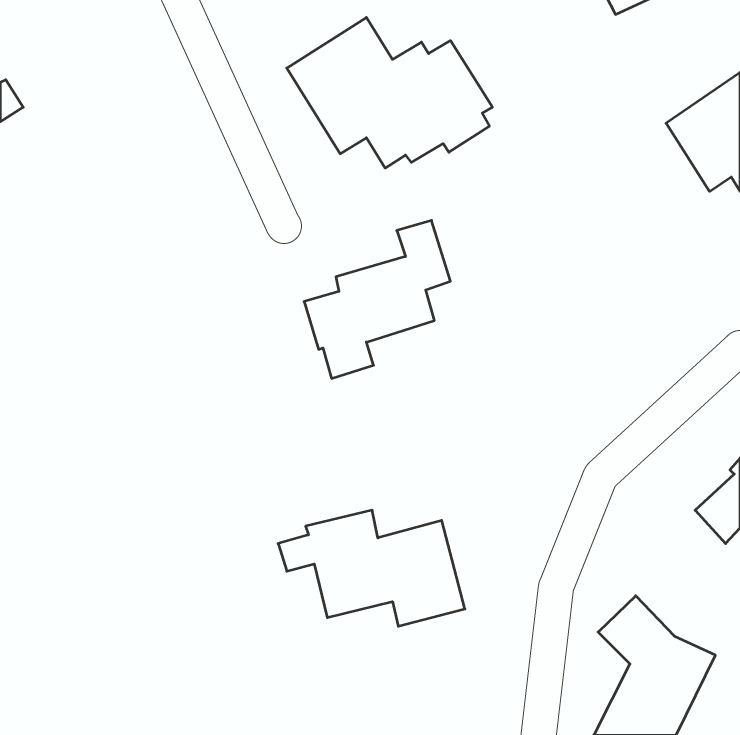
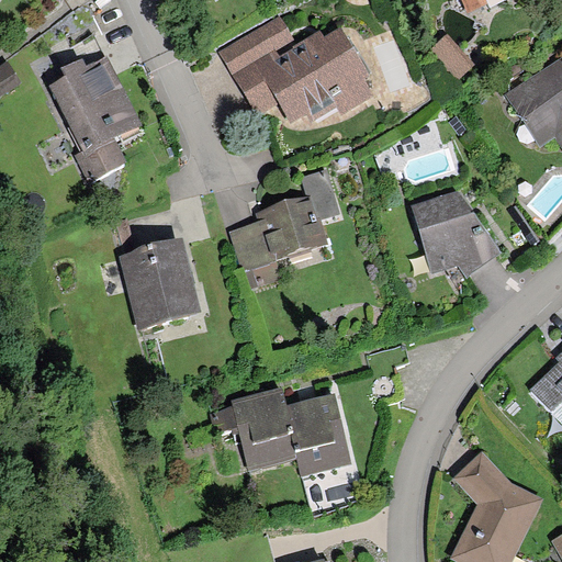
building: none -> [429,33,475,79]
building: none -> [46,61,143,182]
building: none -> [414,193,502,279]
building: none -> [120,244,202,334]

